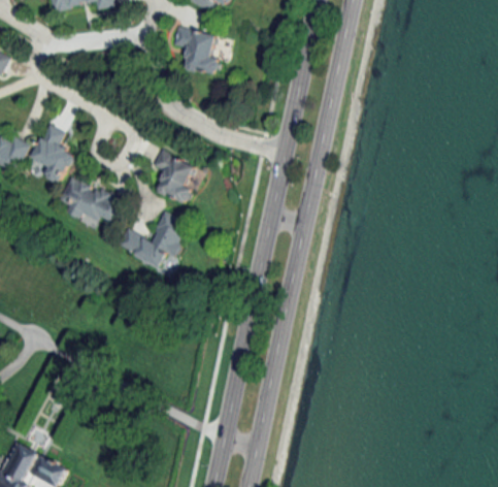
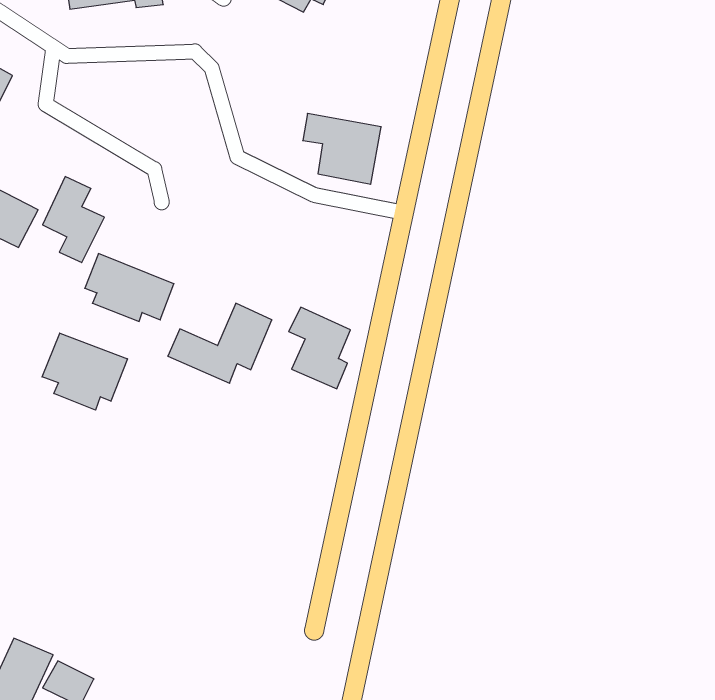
building: [173,28,227,76] -> [303,113,381,184]
building: [153,150,195,205] -> [289,307,350,389]
building: none -> [42,333,127,410]

